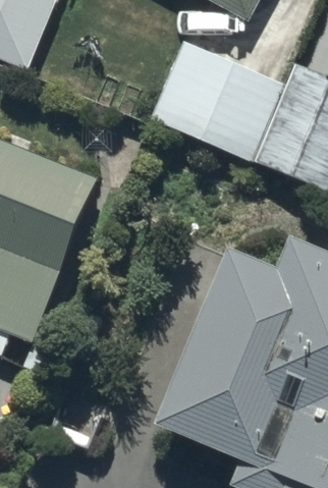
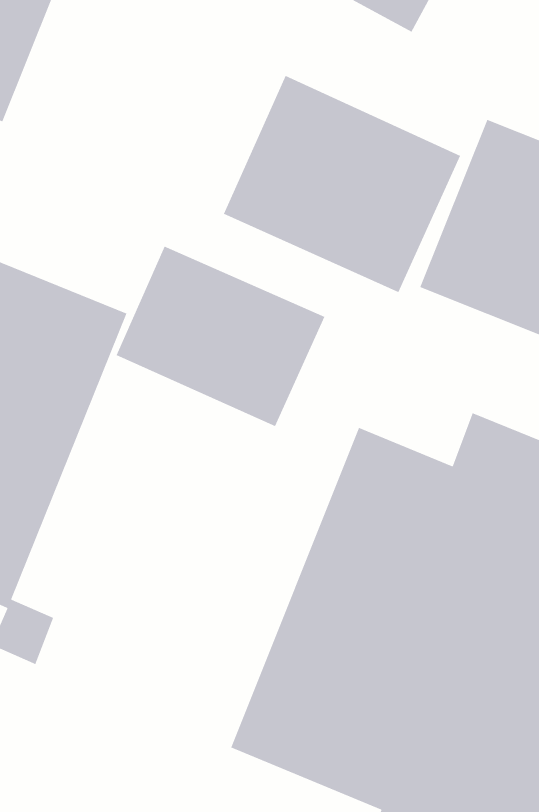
building: none -> [115,246,325,427]

